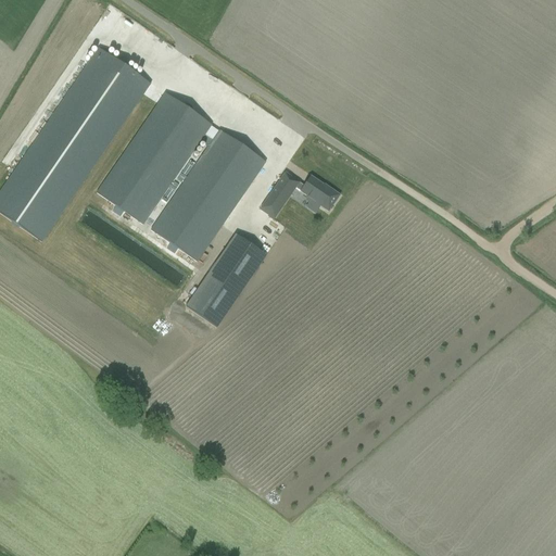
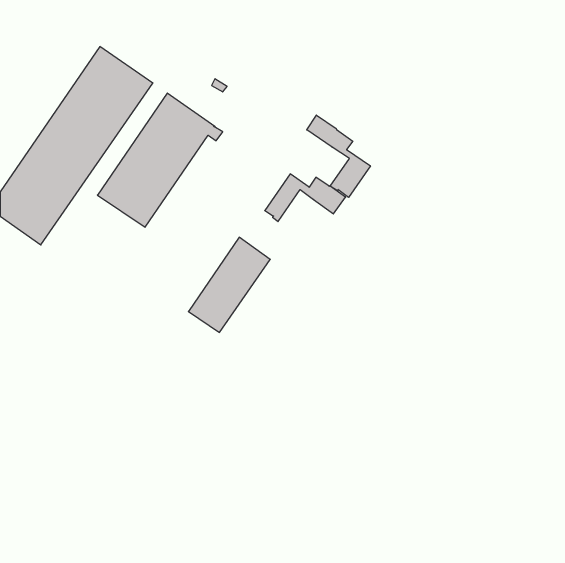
building: none -> [307,115,370,197]
building: [151,128,266,260] -> none

